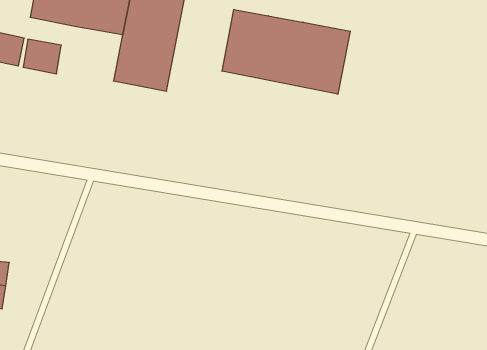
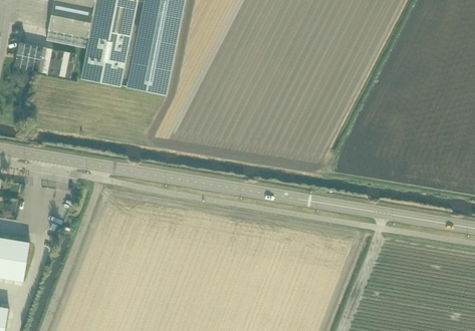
building: [222,9,350,94] -> none
building: none -> [80,37,128,84]

